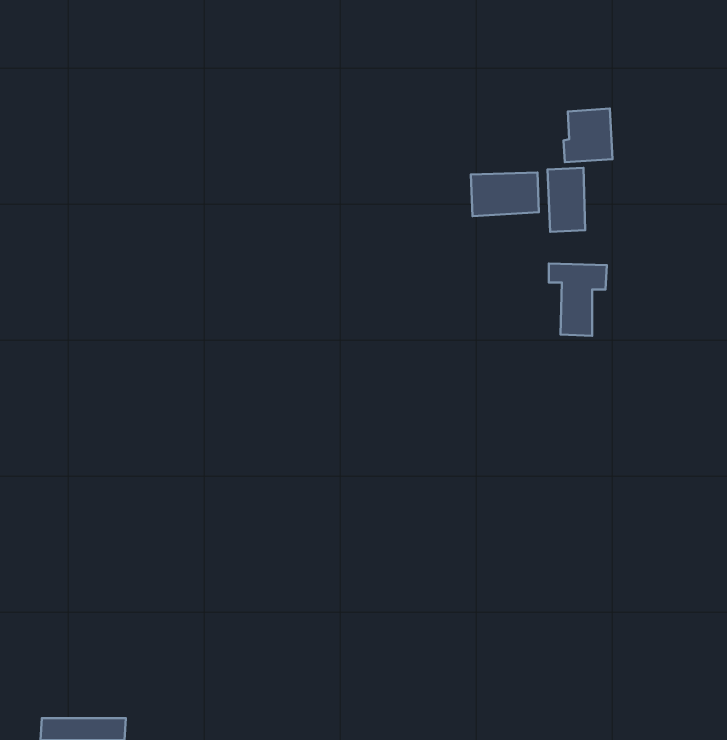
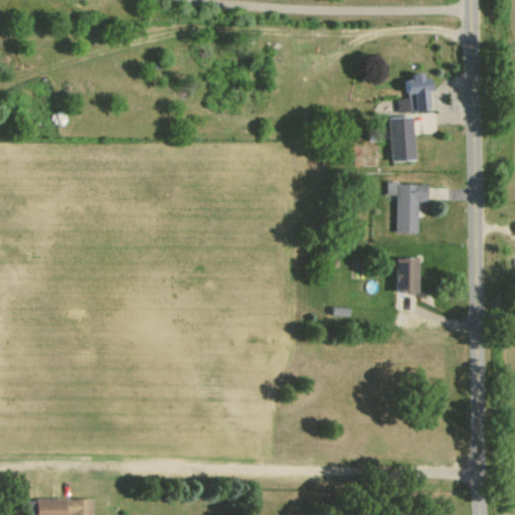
building: [471,172,539,216] -> none
building: none -> [397,259,420,294]

